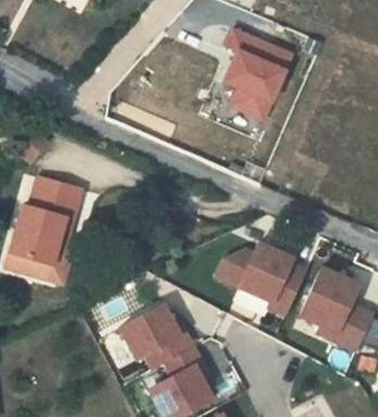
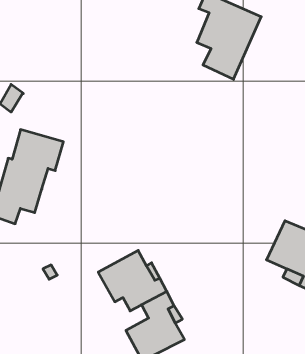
building: [32,216,75,284] -> none
building: [215,241,305,313] -> none

